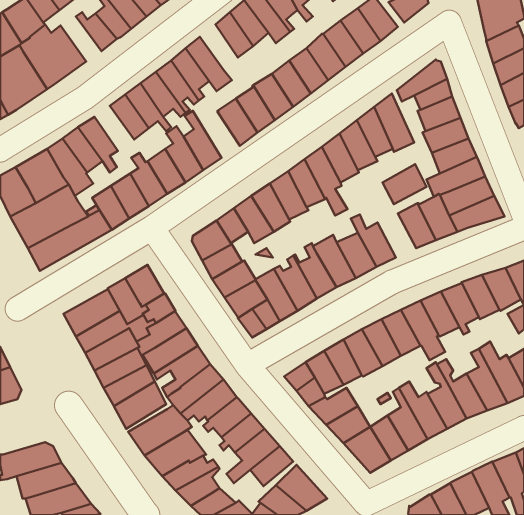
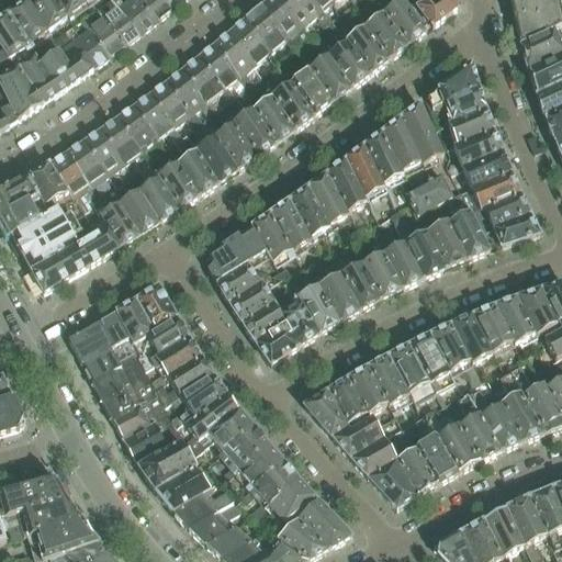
building: none -> [65,19,109,66]
building: none -> [214,26,255,75]
building: none -> [101,113,144,161]
building: none -> [206,114,257,169]
building: none -> [391,206,446,276]

